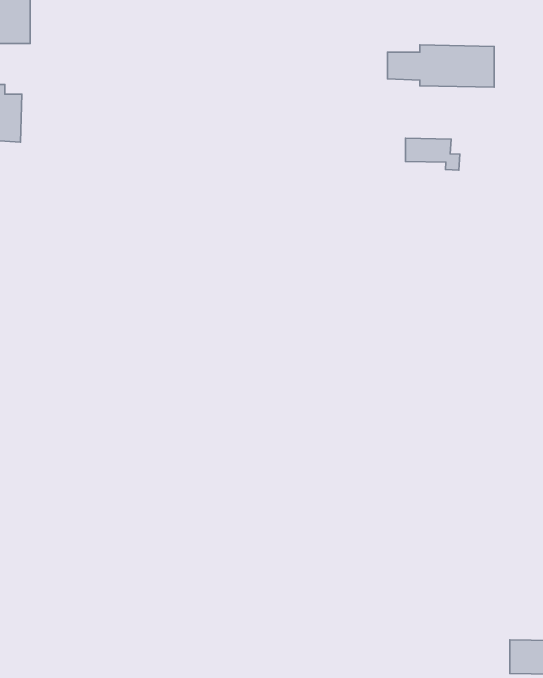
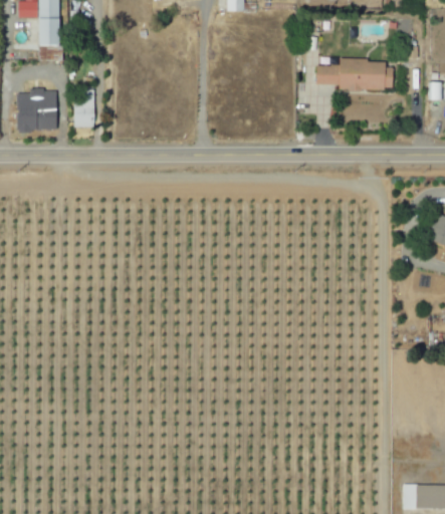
building: none -> [73,89,94,126]
building: [405,138,460,170] -> none

